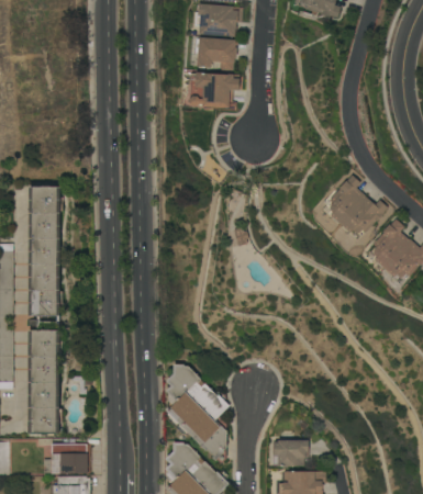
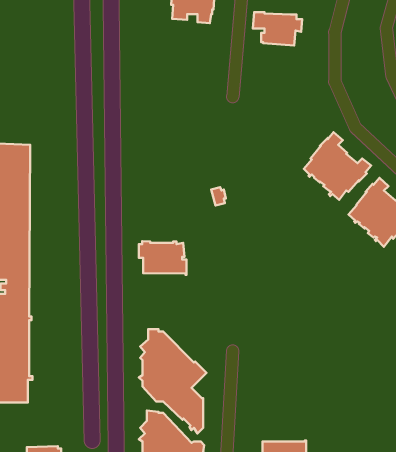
building: [191,71,238,103] -> [253,12,302,46]
building: none -> [139,241,187,275]
building: [271,439,307,467] -> none
building: [42,444,90,475] -> none

